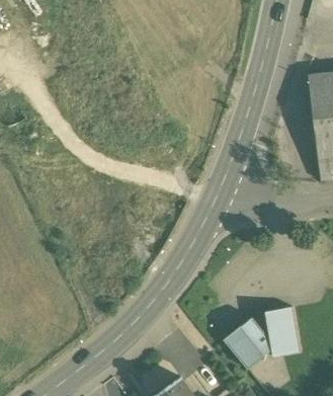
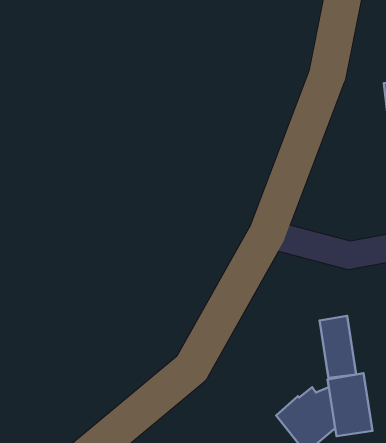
building: none -> [320,316,356,378]

